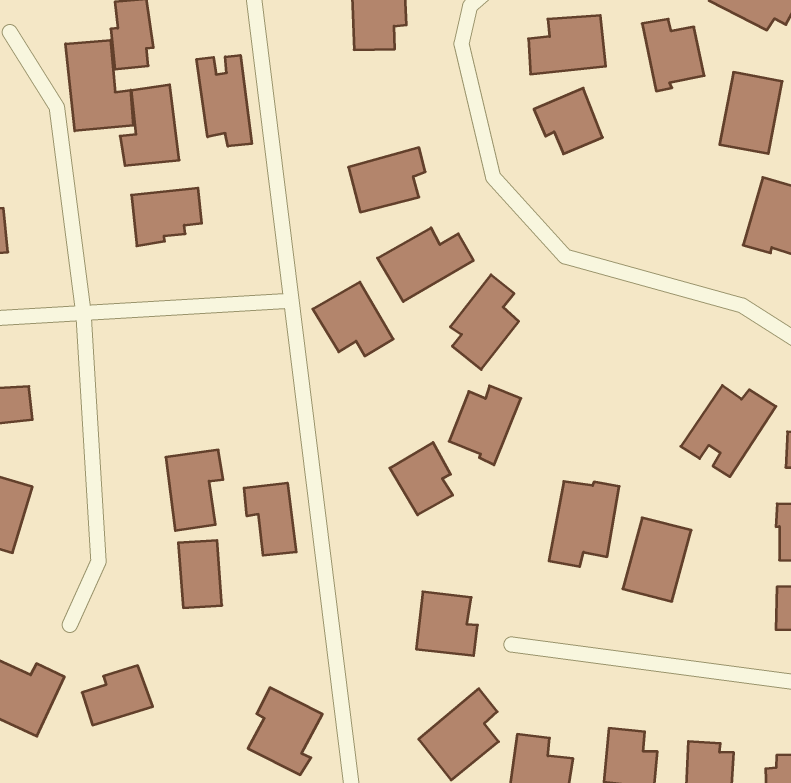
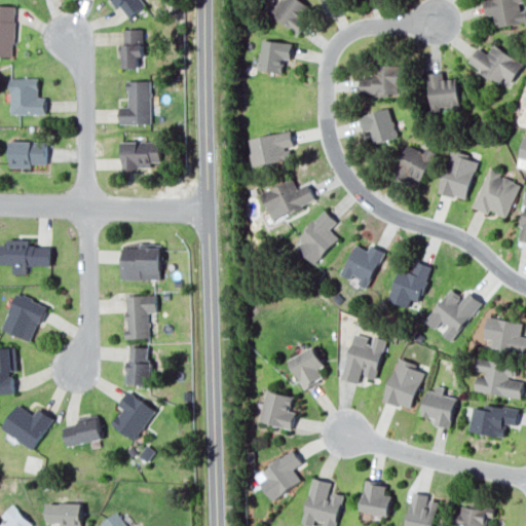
building: [66,40,133,131] -> none
building: [197,55,252,146] -> none
building: [720,72,782,154] -> [437,152,477,201]
building: none -> [393,143,435,186]
building: [313,282,393,356] -> none
building: none -> [387,263,429,307]
building: none -> [120,245,160,281]
building: [449,386,521,465] -> [340,243,384,290]
building: [390,442,453,515] -> [288,348,323,389]
building: [244,483,296,555] -> none
building: none -> [420,387,455,429]
building: [248,688,322,775] -> [110,392,155,445]

